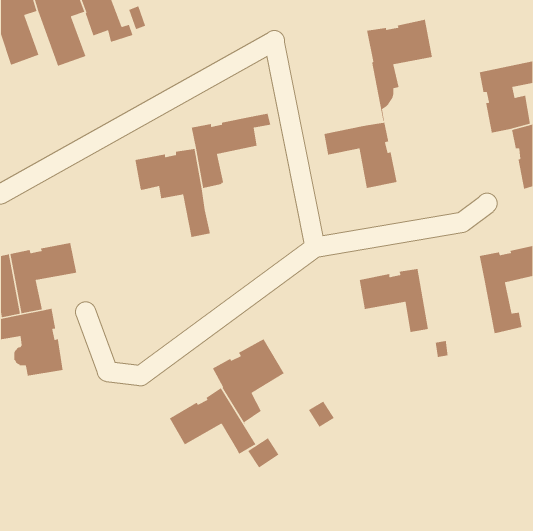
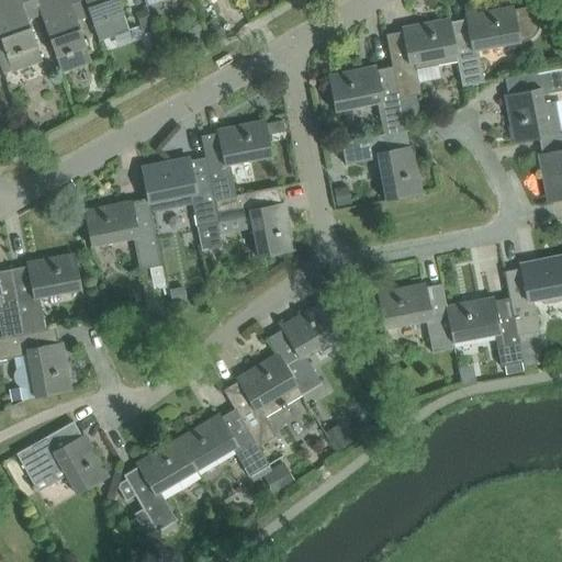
building: none -> [448,4,533,85]
building: none -> [328,65,403,132]
building: none -> [213,184,291,256]
building: none -> [85,199,161,268]
building: none -> [440,282,521,364]
building: none -> [268,302,340,401]
building: none -> [15,419,105,493]
building: none -> [117,440,194,536]

